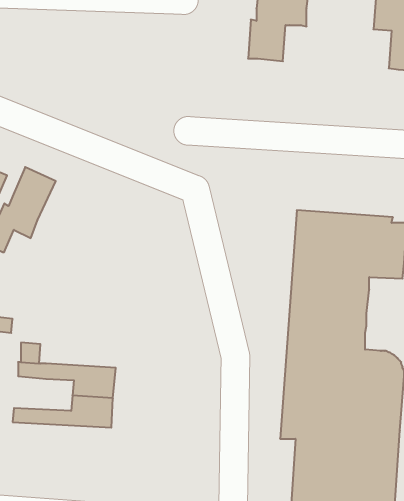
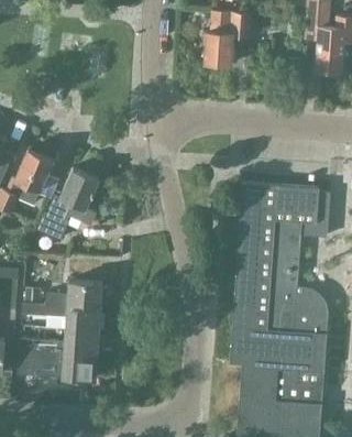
building: none -> [38,168,99,240]
building: none -> [46,282,102,307]
building: none -> [19,350,98,379]

